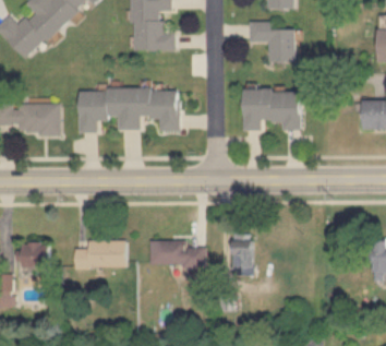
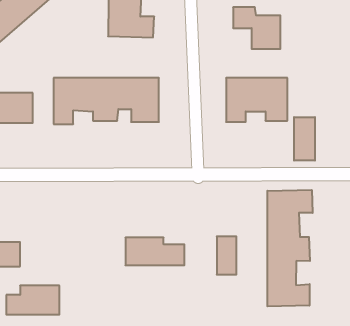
building: none -> [294,117,315,161]
building: none -> [267,190,313,306]
building: [74,239,124,266] -> [6,286,59,315]

